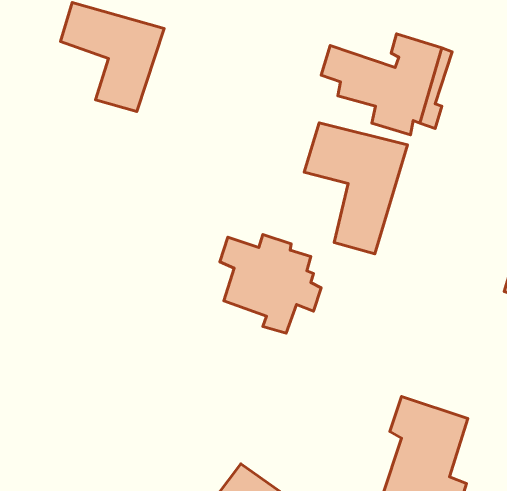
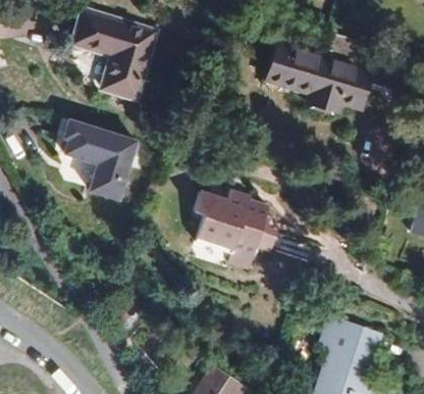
building: [304,123,408,254] -> none
building: none -> [56,114,126,196]

